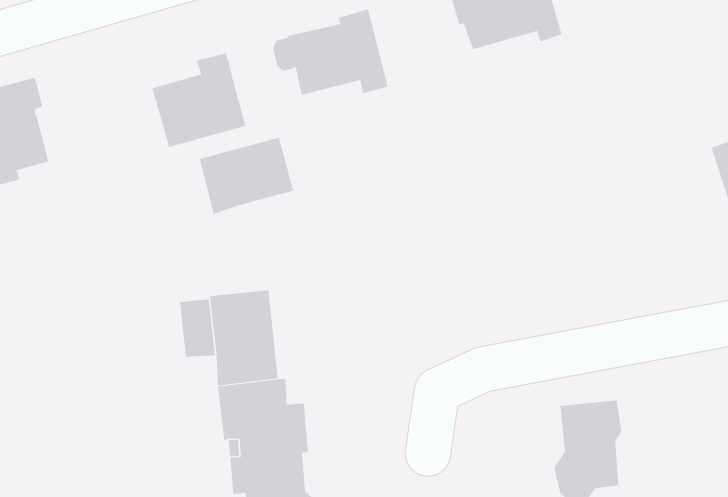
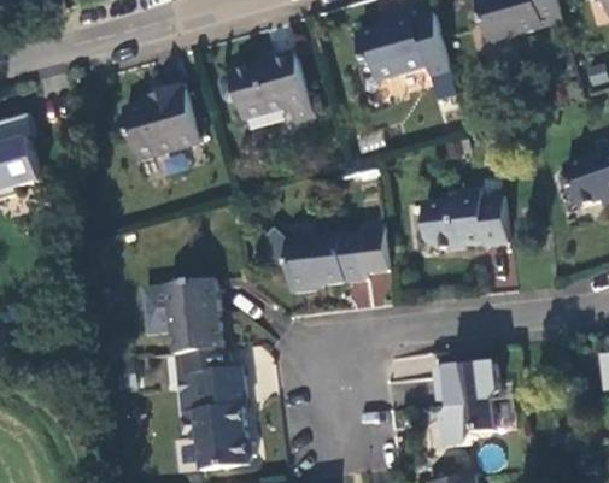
building: [199,137,294,215] -> none
building: none -> [423,188,506,248]
building: none -> [285,222,387,291]

